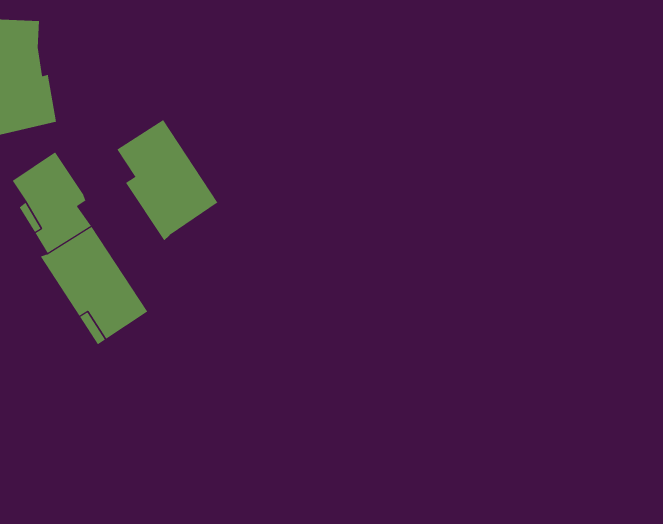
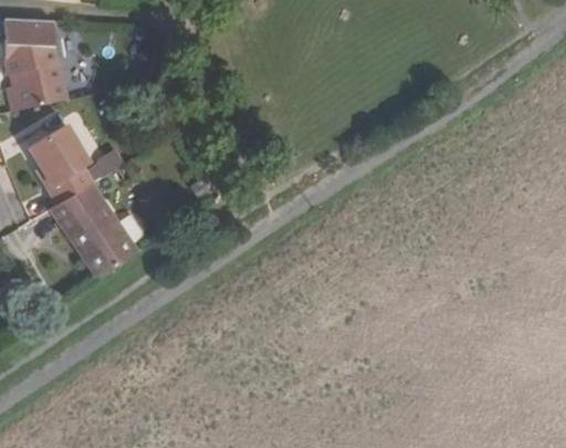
building: [116,119,218,241] -> none

